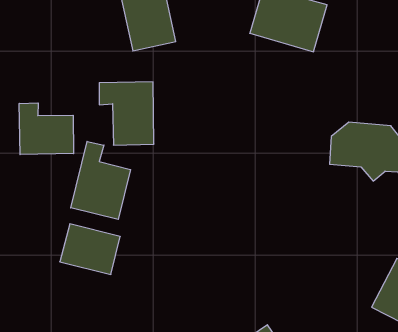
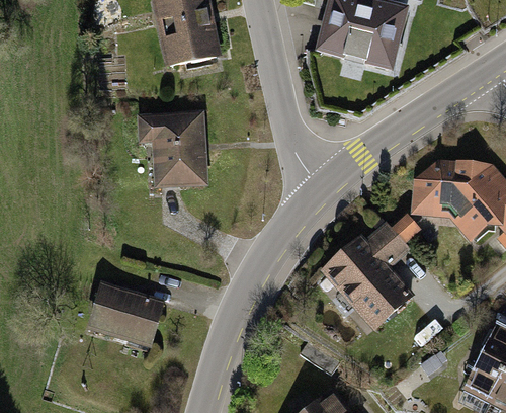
building: [19,103,74,155] -> none
building: [71,141,131,219] -> none
building: none -> [323,223,405,322]

